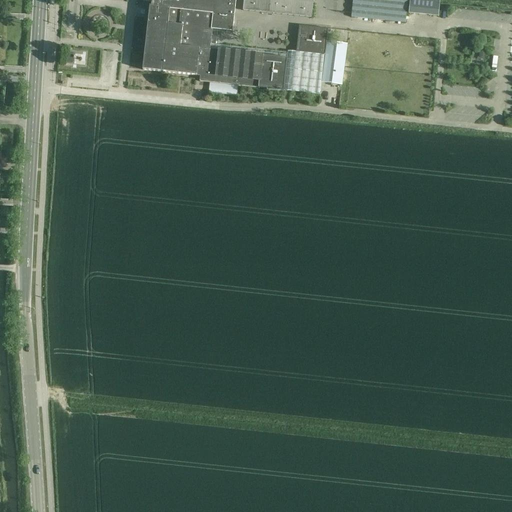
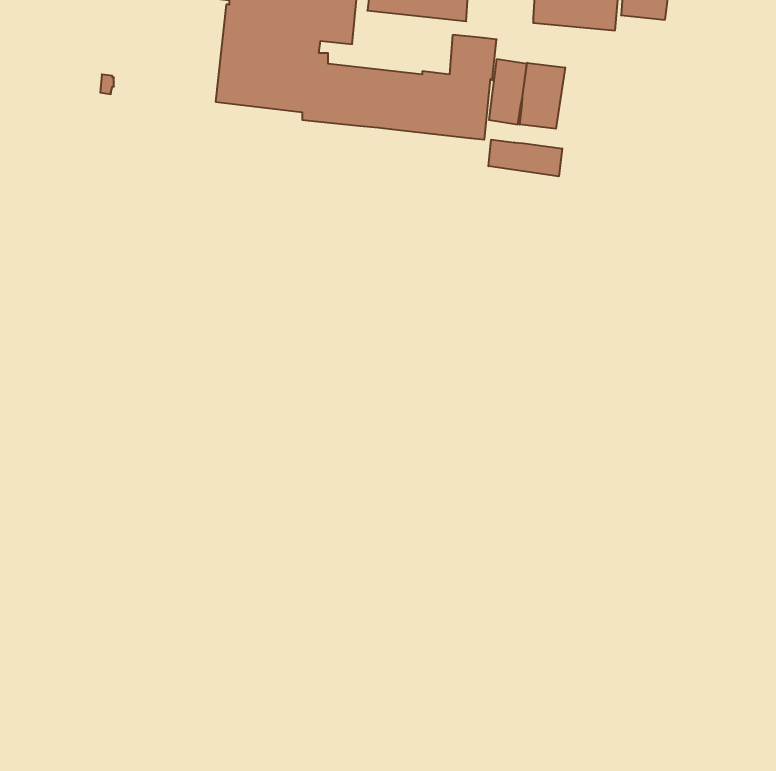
building: none -> [520,63,565,129]
building: none -> [488,140,562,176]

